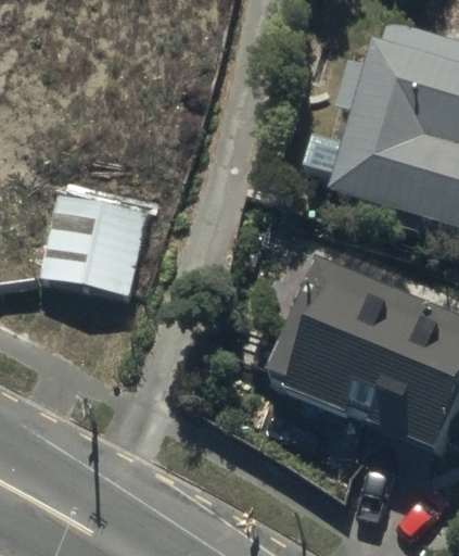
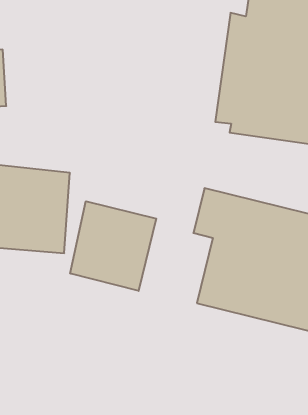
building: none -> [70,201,156,291]

